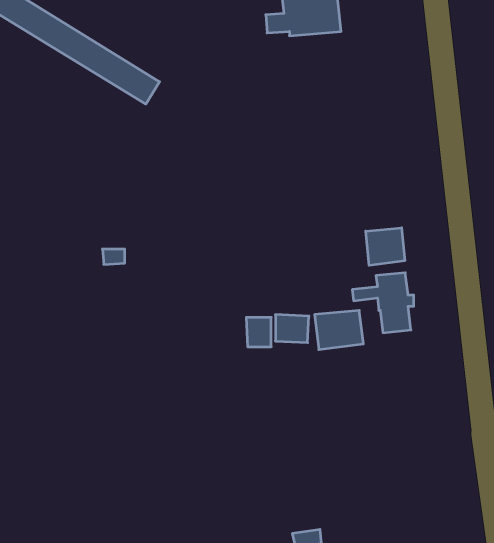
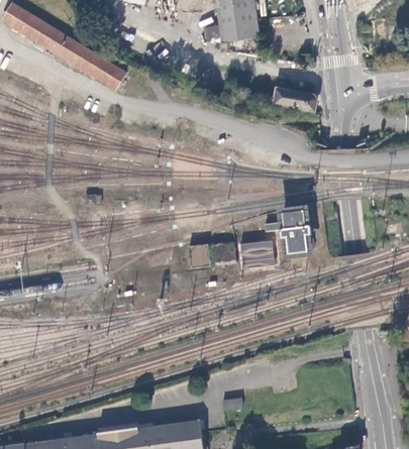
building: none -> [274,88,316,112]
building: [366,228,405,265] -> none

